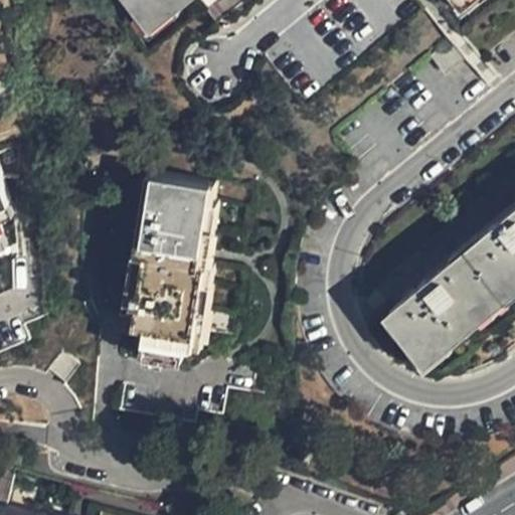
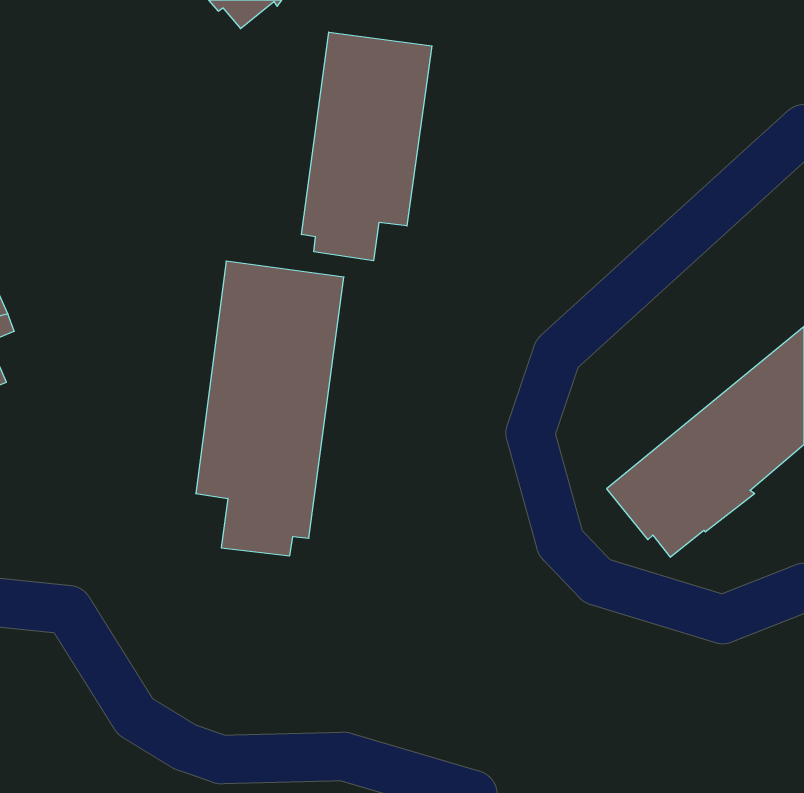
building: none -> [302,32,432,261]

